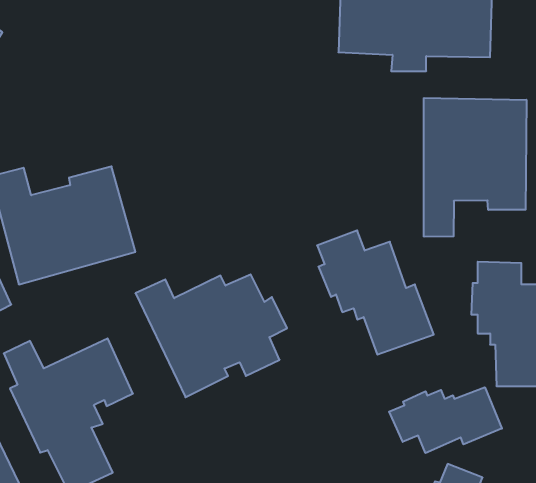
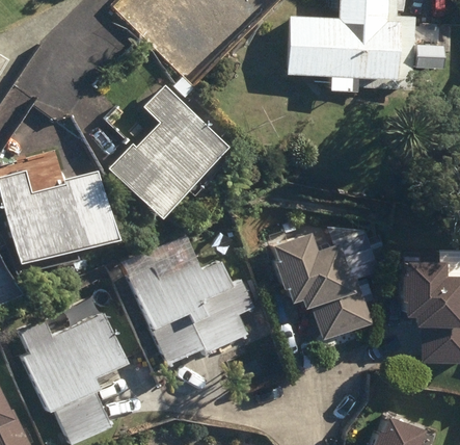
building: none -> [110,83,232,219]
building: [424,98,526,237] -> none
building: [389,387,502,453] -> none

